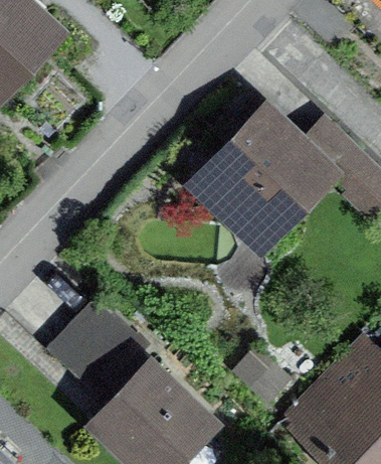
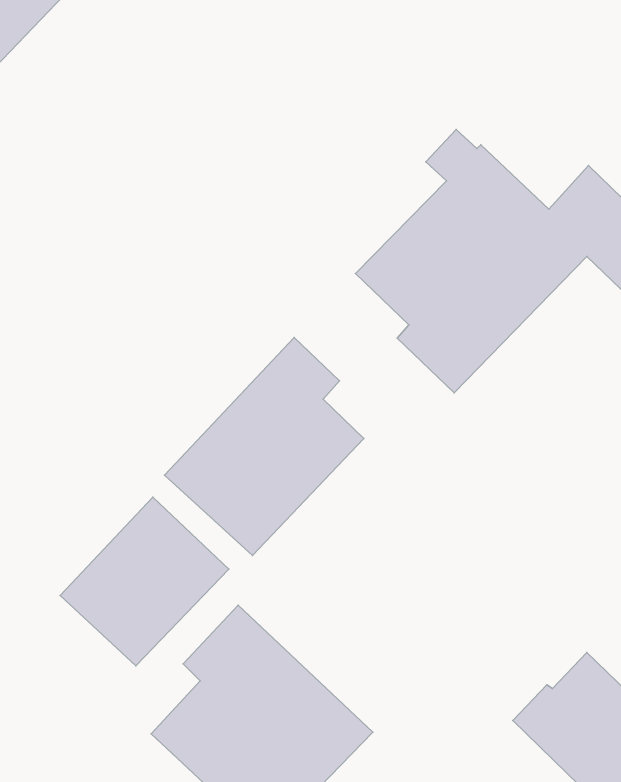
building: none -> [165,338,364,556]

